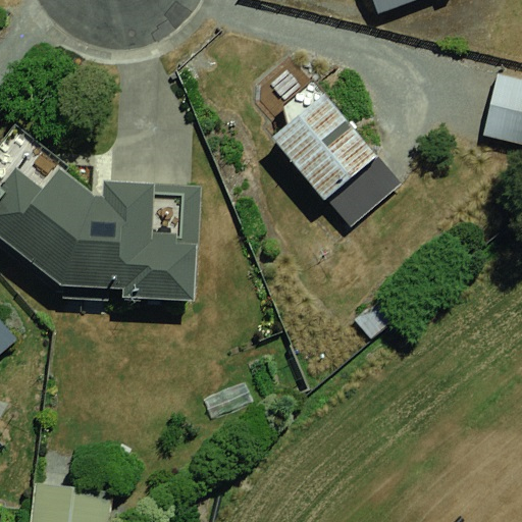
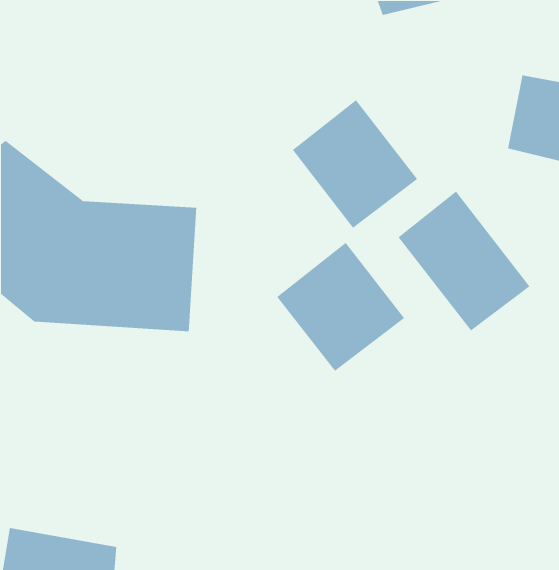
building: none -> [397,190,531,332]
building: none -> [276,242,405,372]

